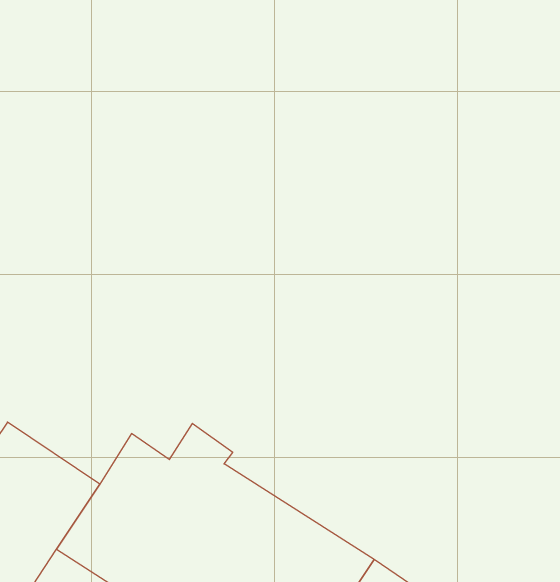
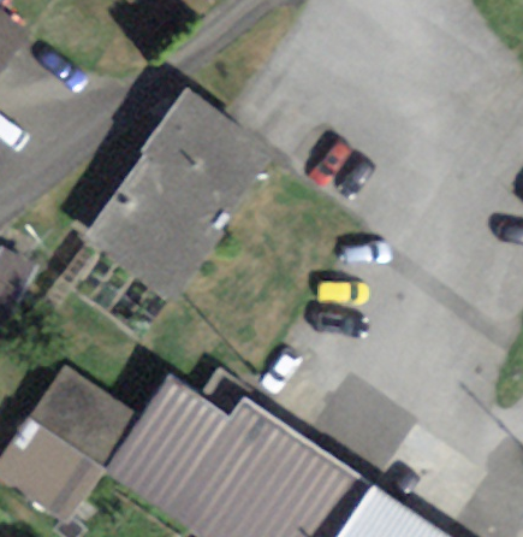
building: none -> [79,104,262,302]

